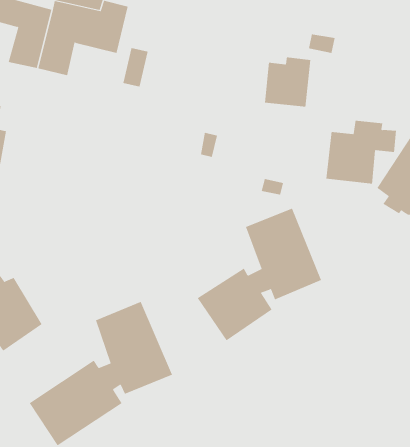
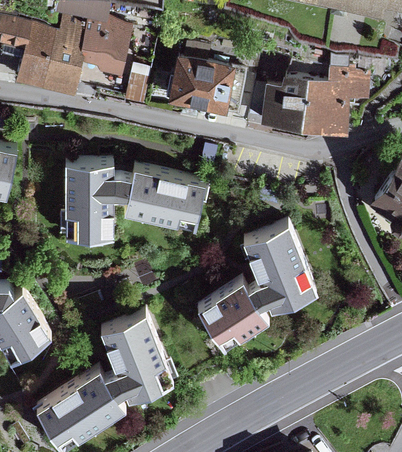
building: none -> [168,47,249,112]
building: [326,120,397,184] -> [301,70,369,131]
building: none -> [64,158,205,237]

